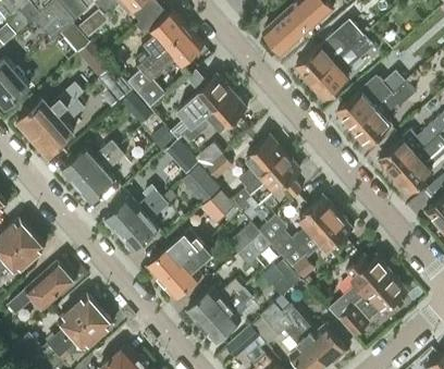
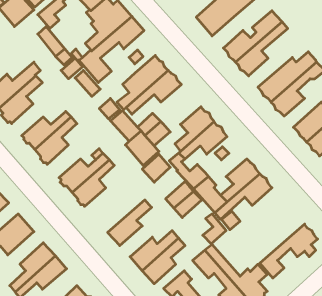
building: [147,236,205,283] -> none
building: [329,254,391,319] -> none

